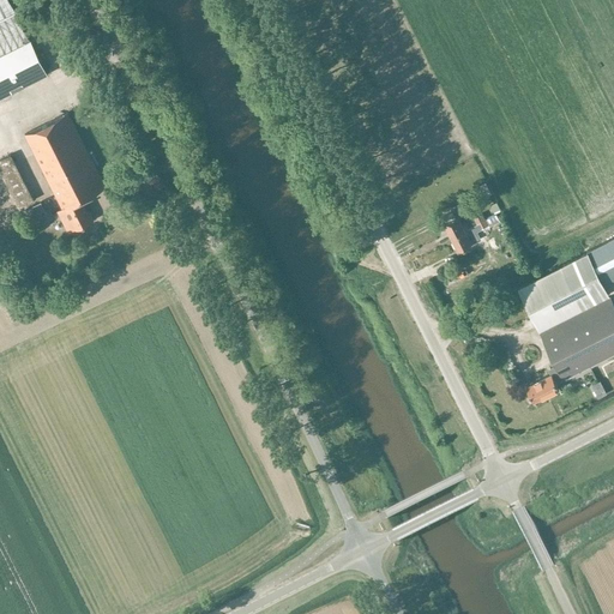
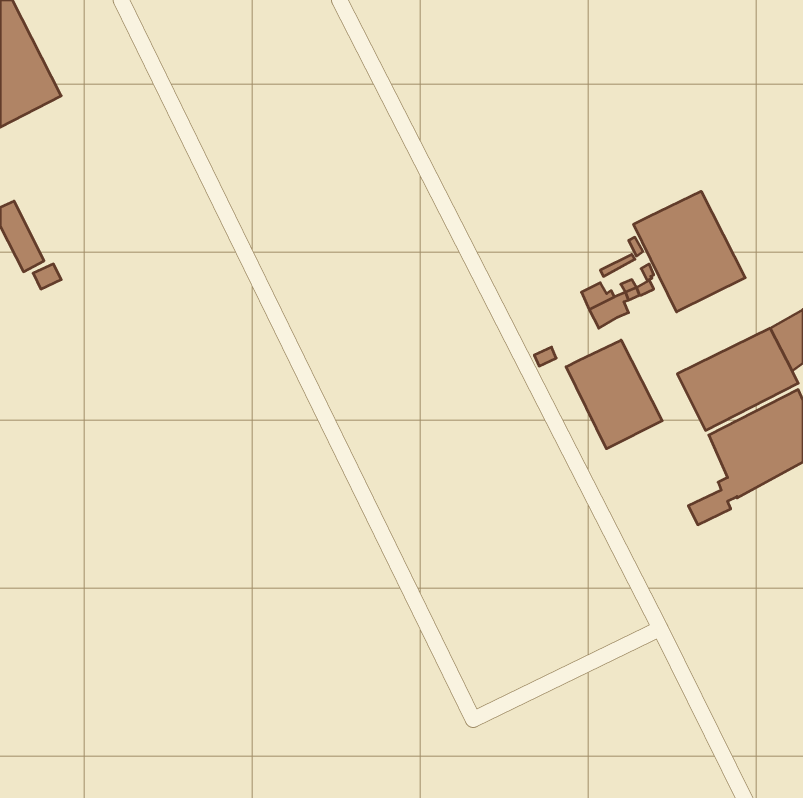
building: [24,116,104,235] -> none
building: none -> [634,191,745,312]
building: none -> [566,340,662,449]

